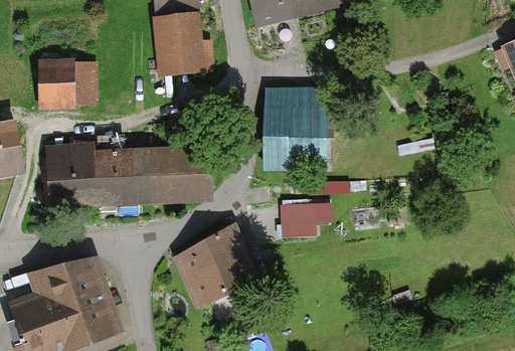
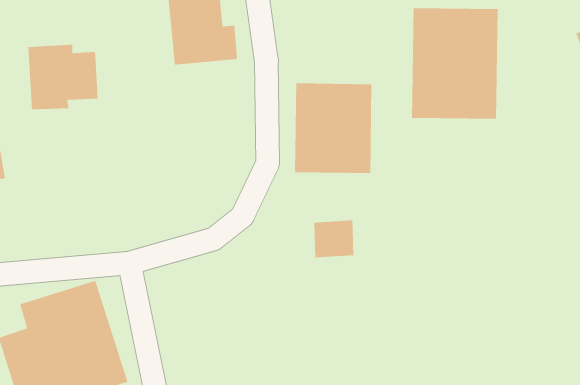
building: none -> [411,8,498,119]
building: [44,139,208,202] -> none
building: [175,225,252,304] -> none

